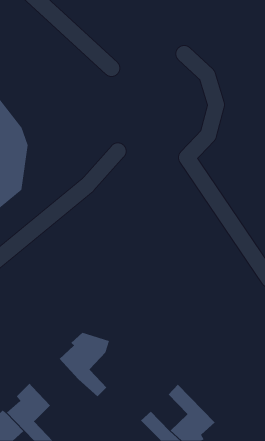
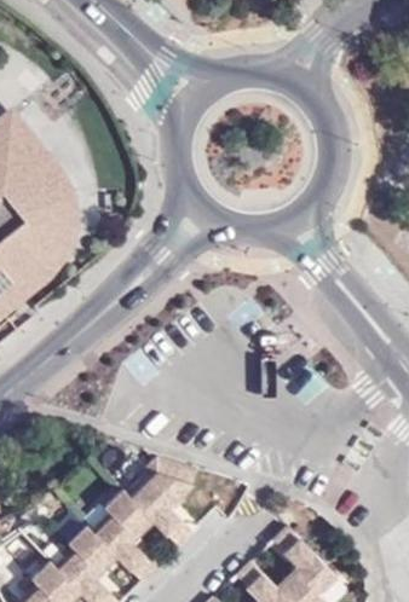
building: none -> [83,487,148,578]

